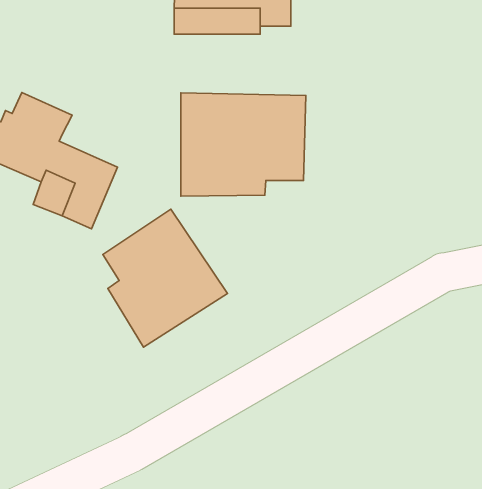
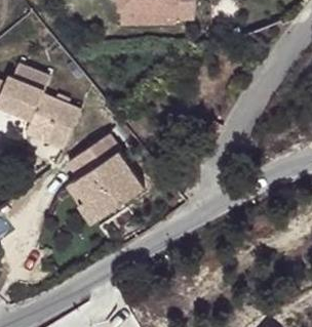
building: [181,93,306,196] -> none

